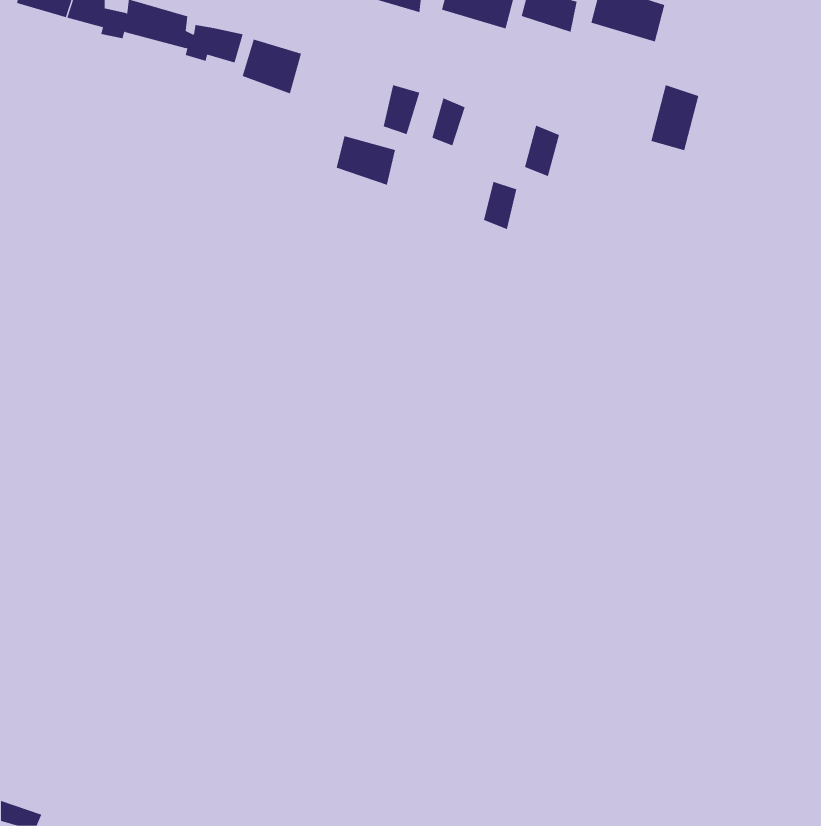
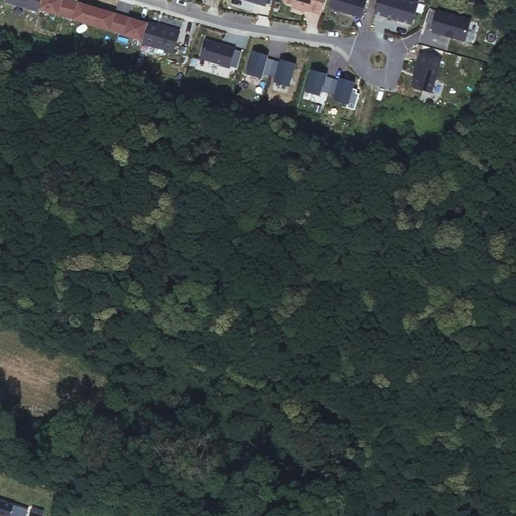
building: none -> [427,11,469,46]
building: [336,135,396,186] -> [198,38,235,70]
building: [483,181,517,230] -> [304,70,326,100]

